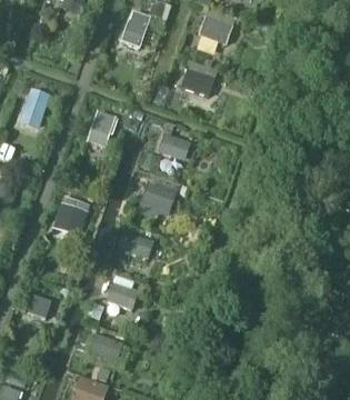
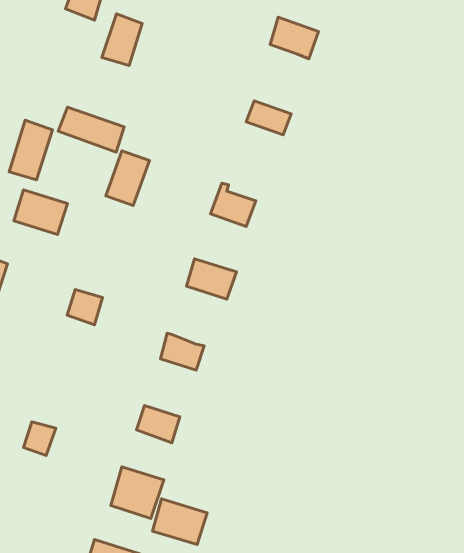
building: [120,10,148,46] -> [102,14,142,66]
building: none -> [58,107,124,152]
building: none -> [14,190,67,235]
building: none -> [152,499,207,544]

